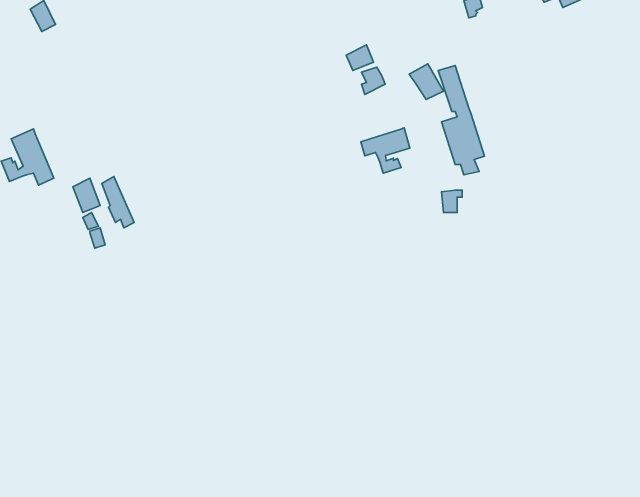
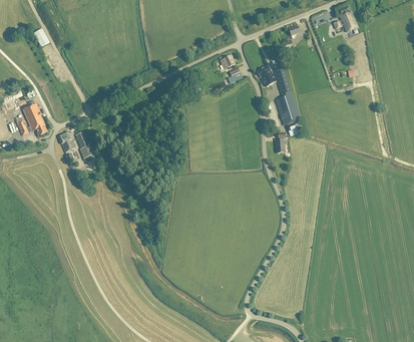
building: [361,128,410,173] -> none

